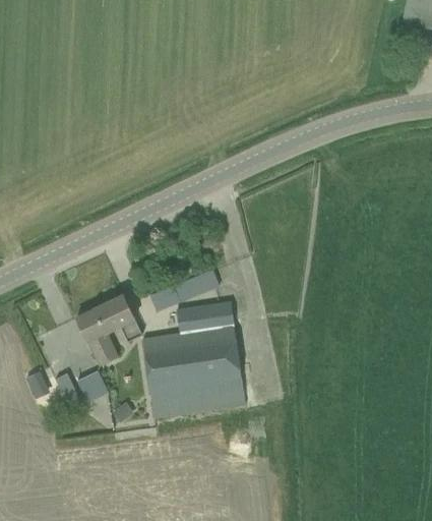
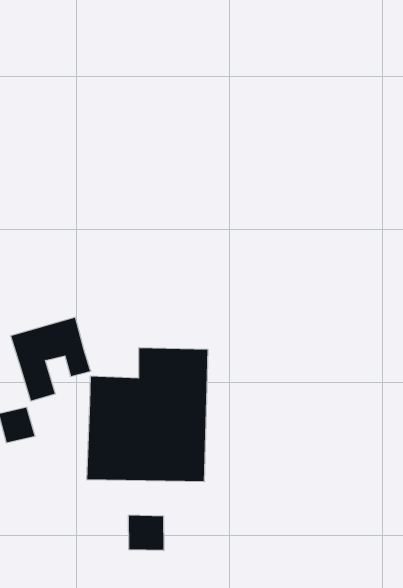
building: [149,270,219,310] -> none
building: none -> [129,515,164,551]

